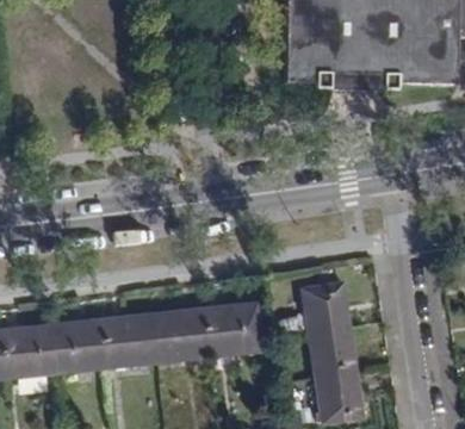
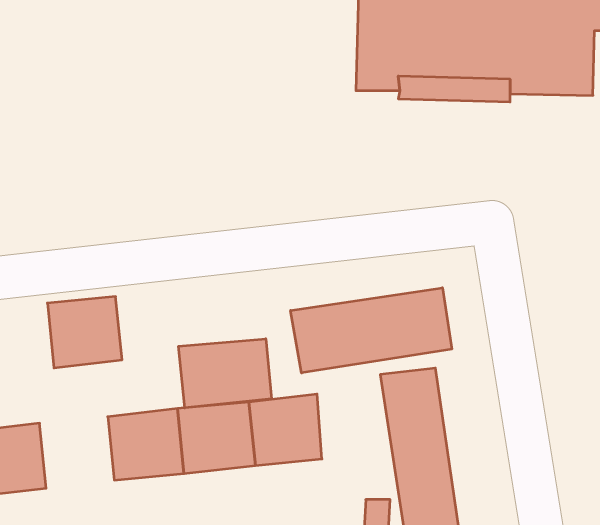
building: none -> [291,288,452,373]
building: none -> [179,339,272,408]
building: [51,319,106,372] -> [47,297,122,368]

